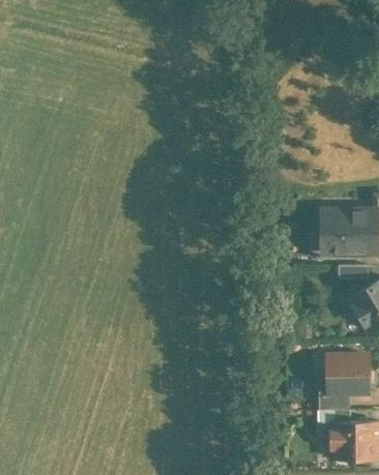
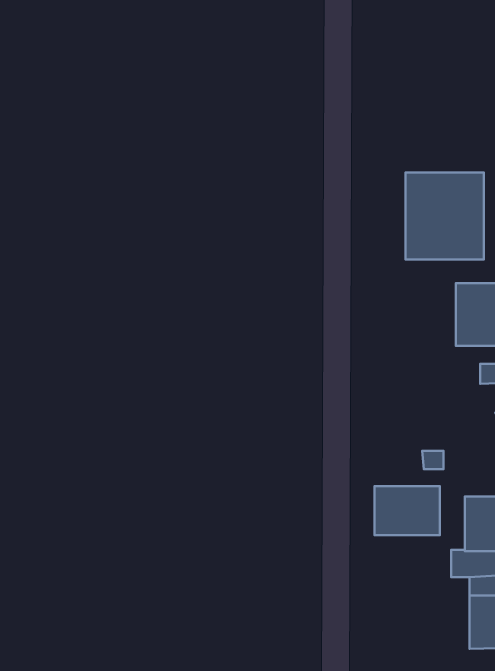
building: none -> [405,172,484,259]
building: none -> [374,486,440,535]

